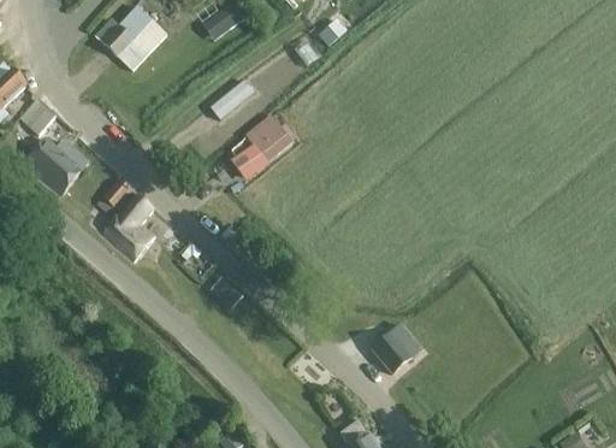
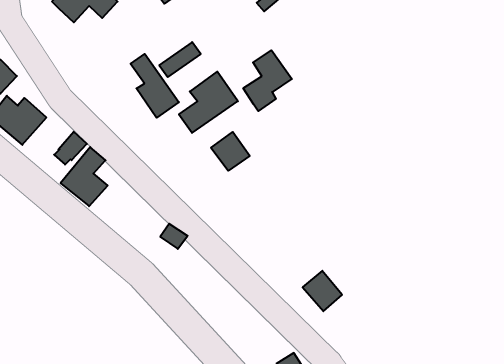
building: none -> [243,50,292,111]
building: none -> [131,54,179,118]
building: none -> [211,132,250,171]

